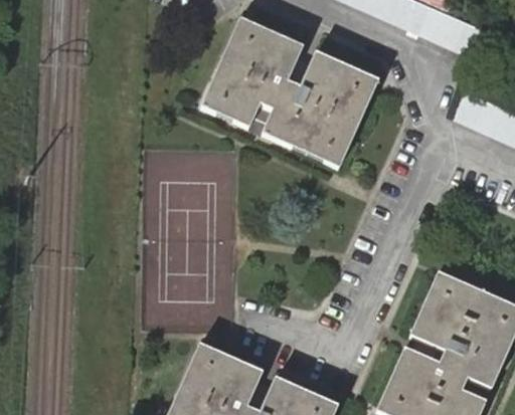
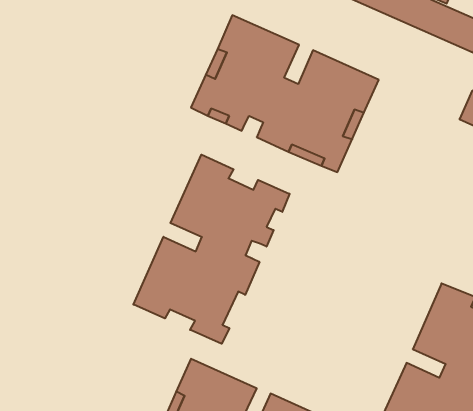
building: none -> [133,155,290,344]

